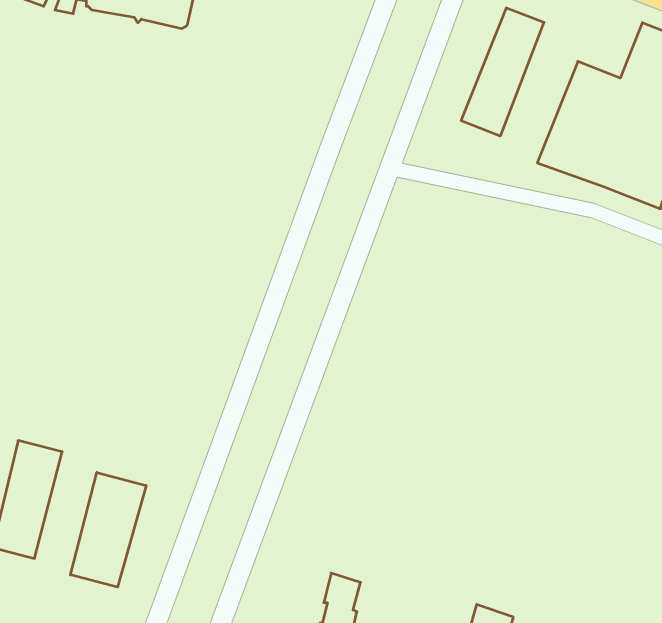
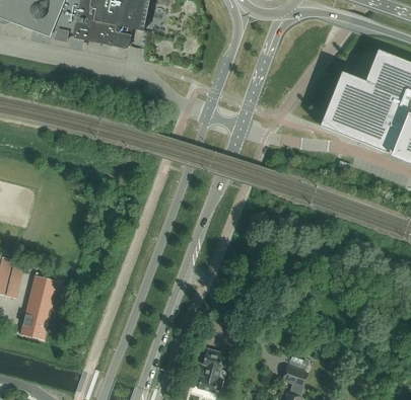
building: [461,8,544,136] -> none
building: [70,472,146,587] -> none

